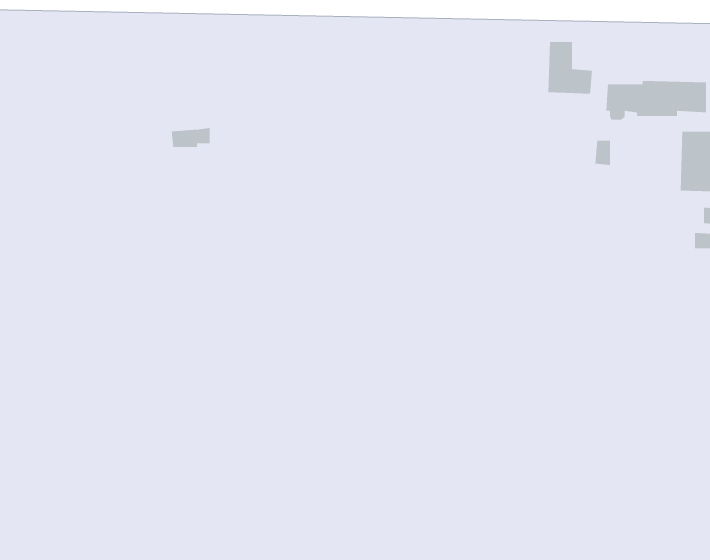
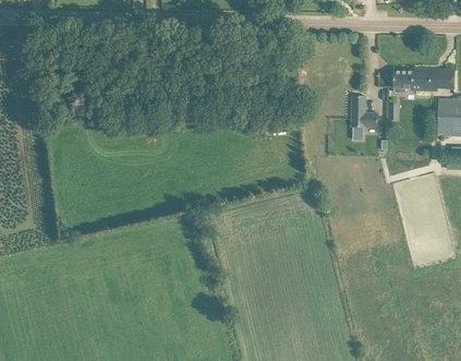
building: [547,42,593,94] -> [351,96,378,128]

